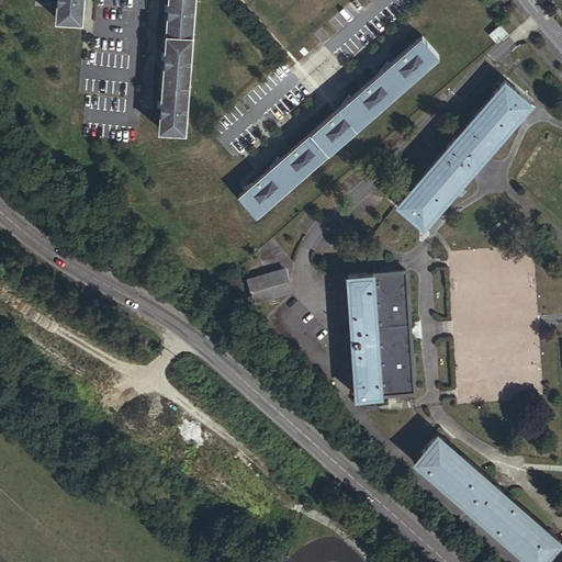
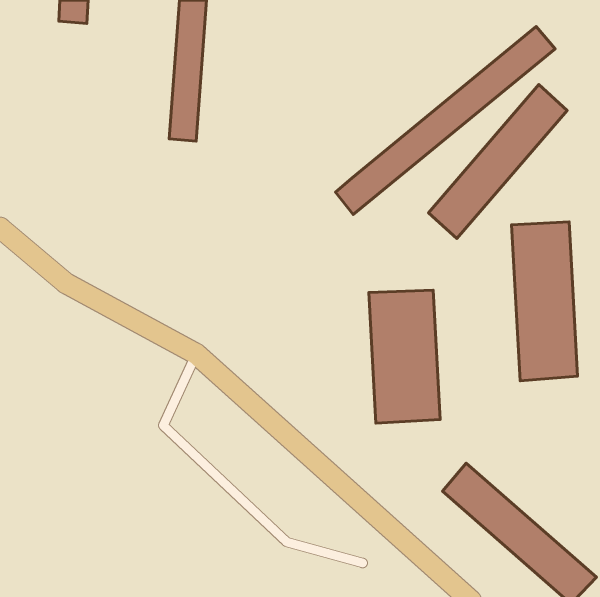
building: [240,44,446,220] -> [335,26,555,215]
building: none -> [512,222,577,381]
building: [247,270,286,300] -> none

